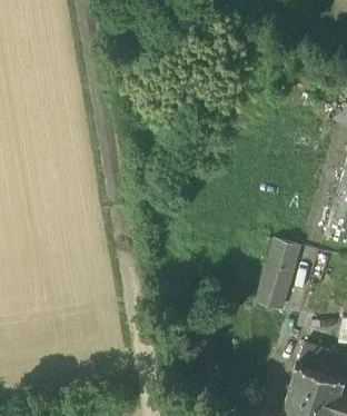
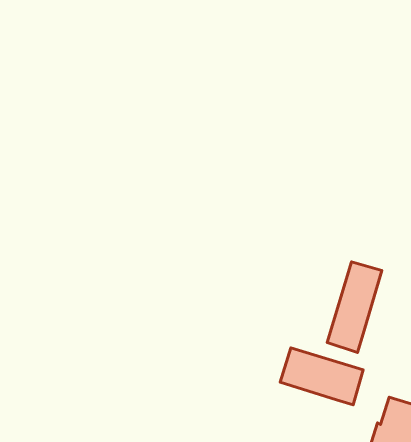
building: none -> [280,348,363,405]

